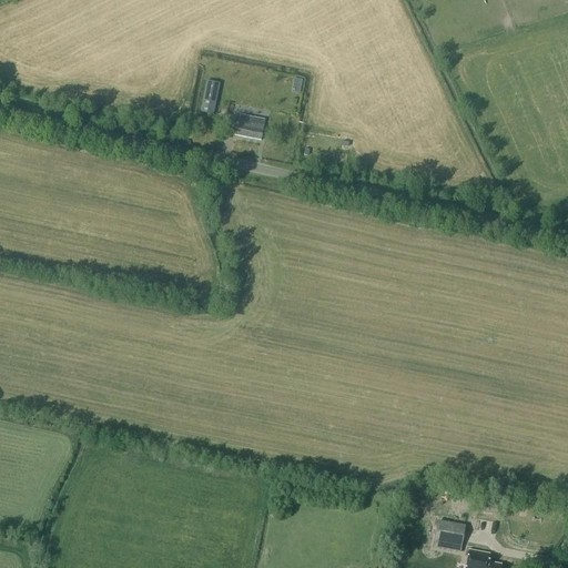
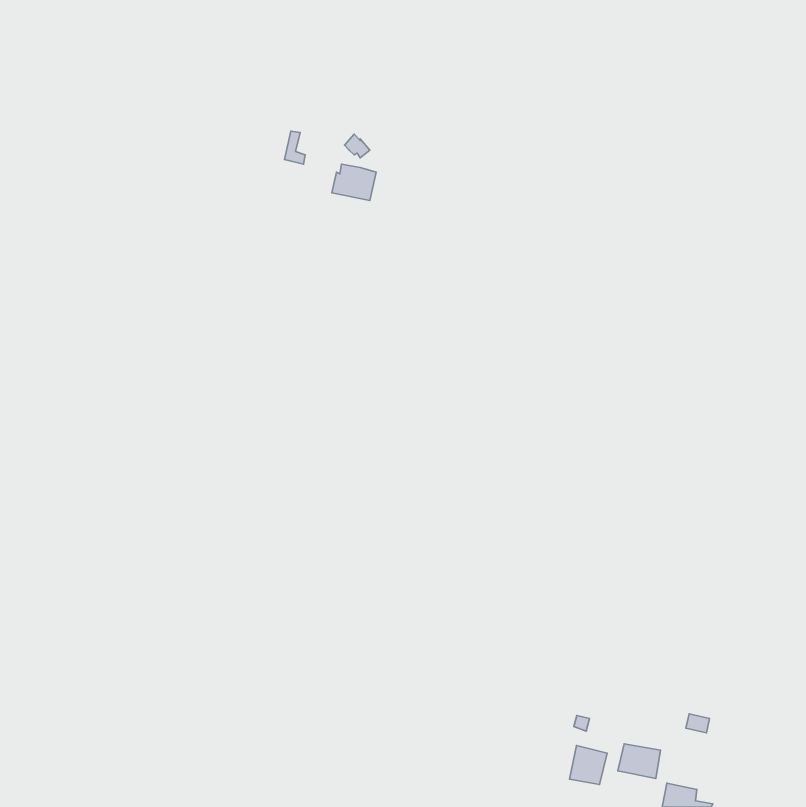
building: none -> [569,746,607,785]

